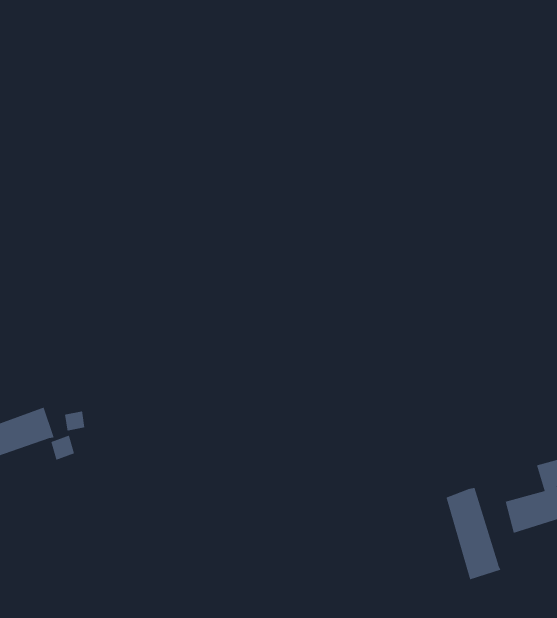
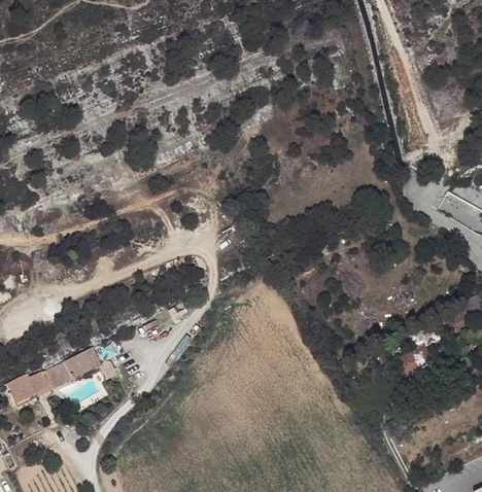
building: [446,487,501,580] -> none

